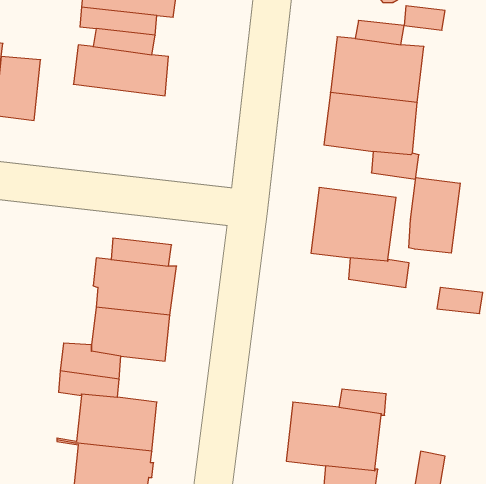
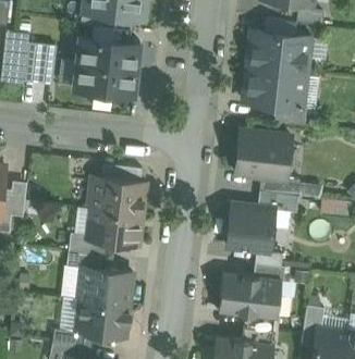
building: none -> [74,62,138,96]
building: [409,177,460,253] -> none
building: none -> [227,203,274,252]

